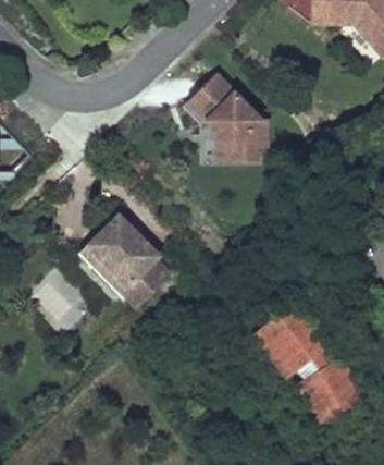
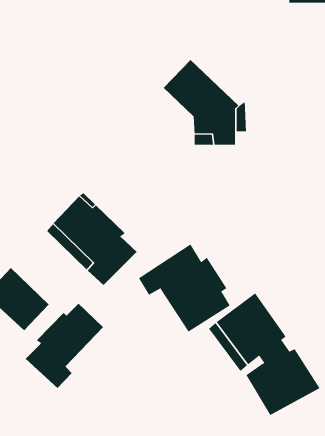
building: none -> [138,244,230,333]
building: none -> [25,303,104,389]

